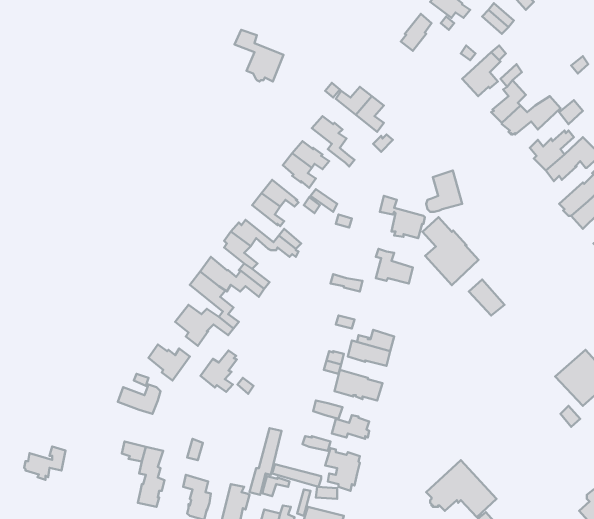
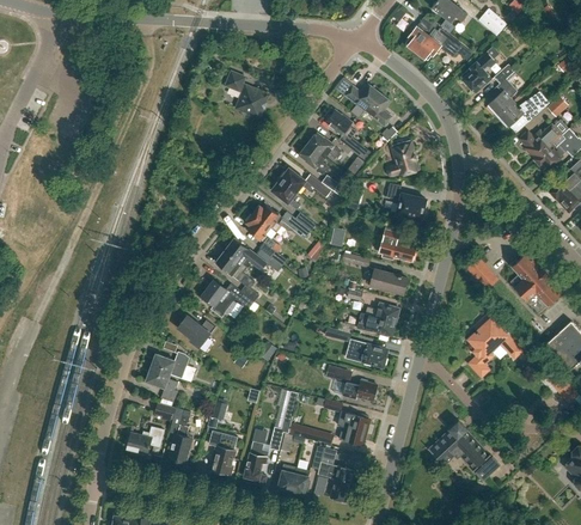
building: none -> [416,29,461,60]
building: [234,30,284,82] -> [225,72,269,118]
building: [426,171,462,212] -> [386,140,418,177]
building: [423,217,478,285] -> [513,252,563,313]
building: none -> [371,269,408,294]
building: none -> [469,312,516,376]
building: [200,350,237,392] -> none
building: none -> [146,367,177,402]
building: [24,447,65,480] -> [127,426,164,456]

